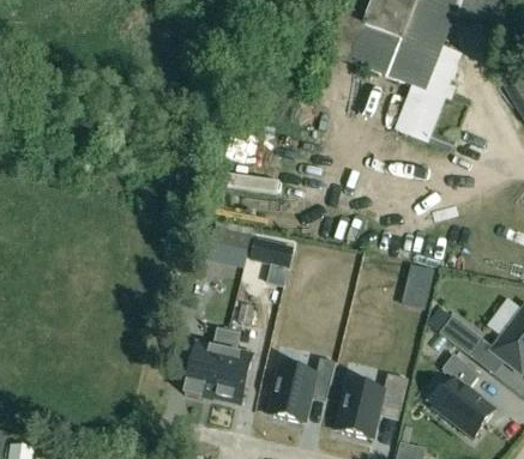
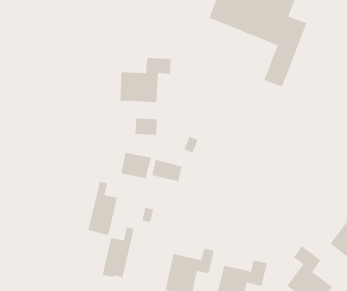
building: none -> [120,57,171,103]
building: [403,265,433,307] -> none
building: [439,314,484,356] -> none
building: [212,330,253,403] -> [87,181,118,236]

